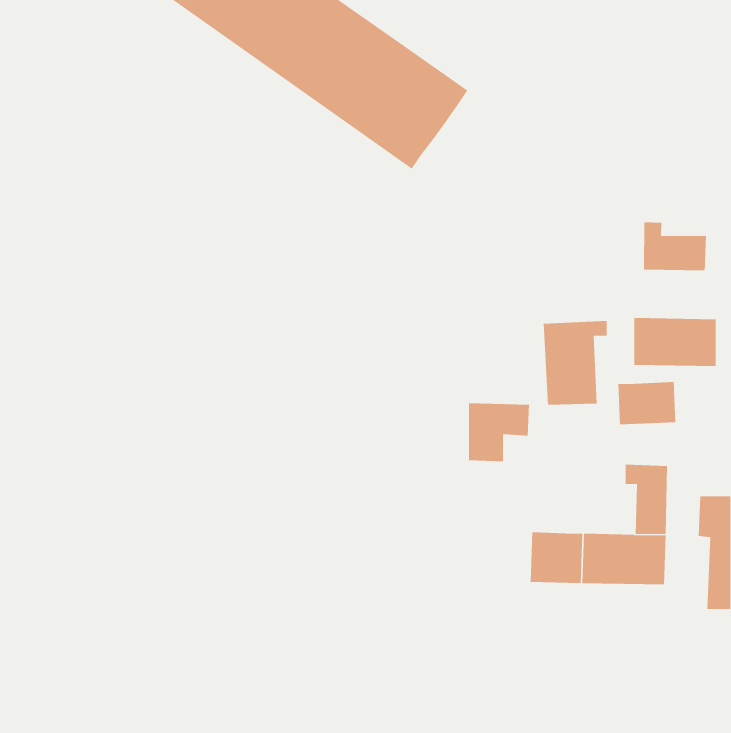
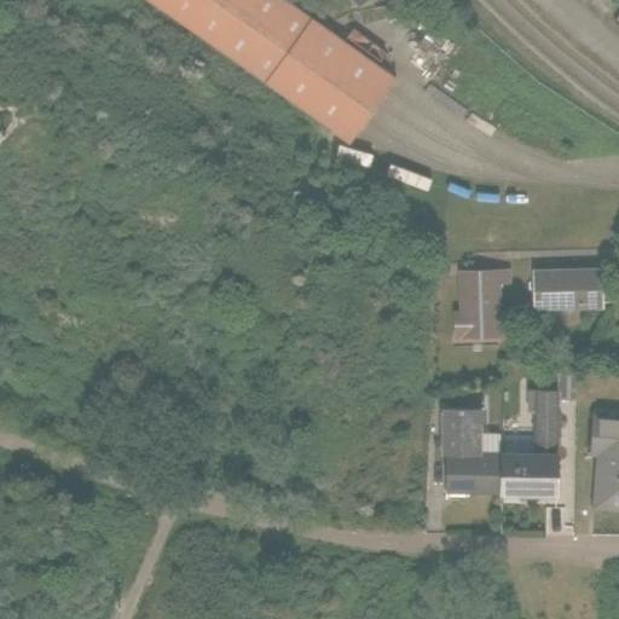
building: [644,221,706,271] -> none
building: [618,381,676,425] -> none
building: [468,403,530,462] -> [447,399,499,449]

